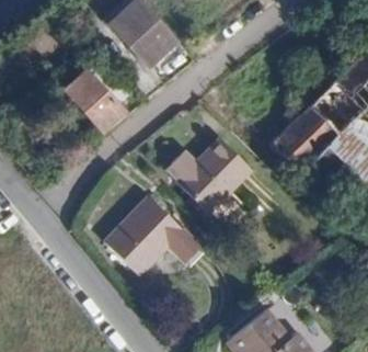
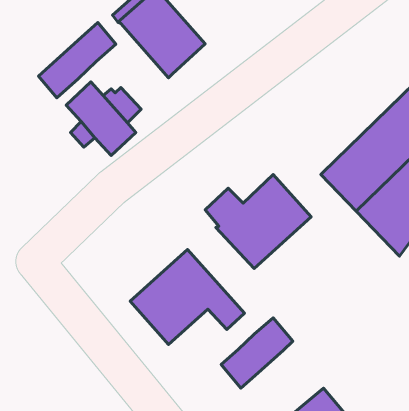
building: none -> [39,23,116,98]
building: none -> [221,318,293,388]

